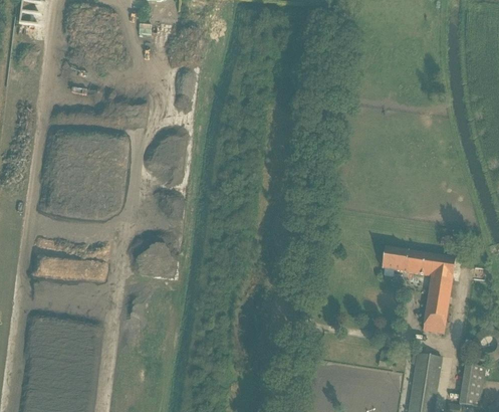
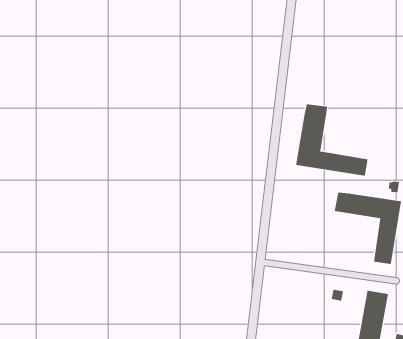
building: none -> [295,103,368,177]

